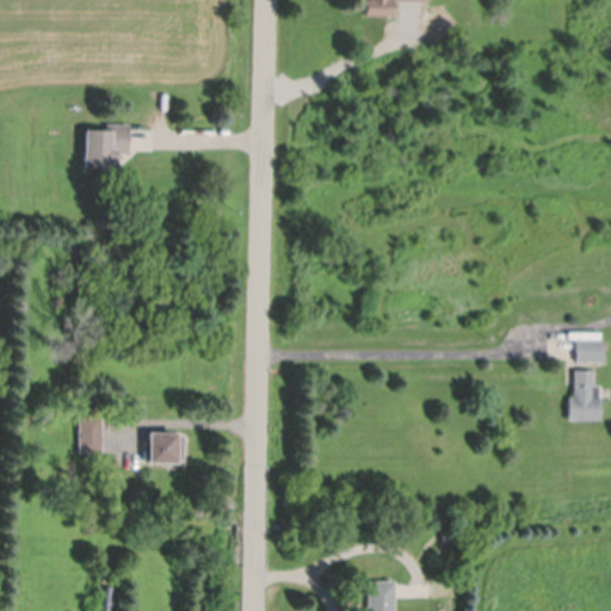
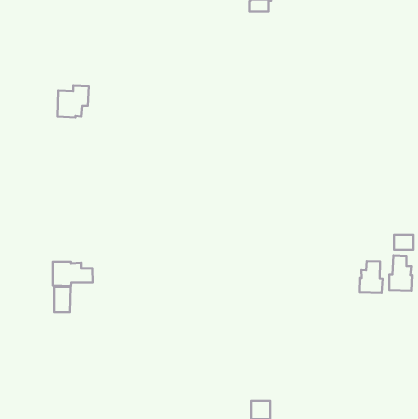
building: none -> [360,261,383,293]
building: none -> [53,262,93,286]
building: [149,436,185,467] -> none

